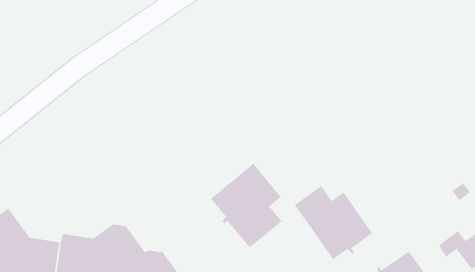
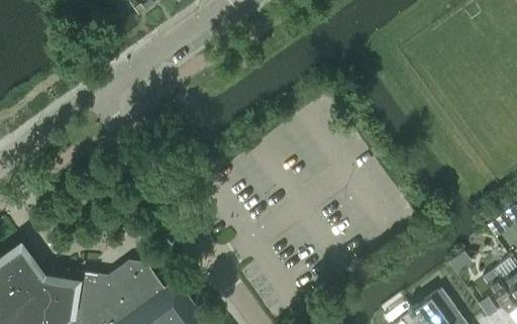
building: [210,163,283,248] -> none
building: [294,185,373,260] -> none

